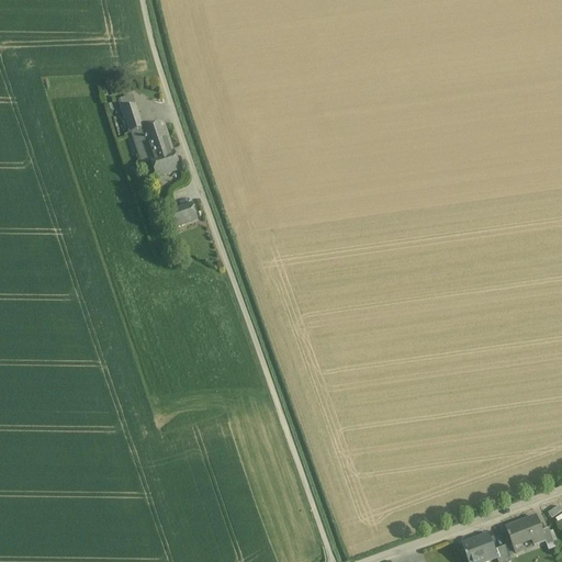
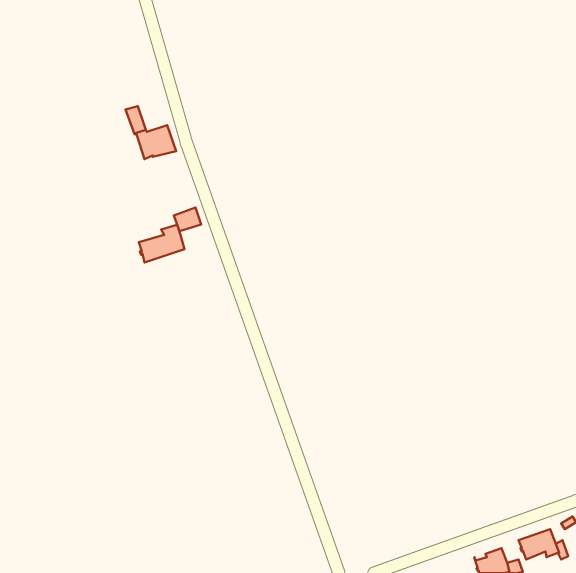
building: [148,147,178,175] -> none
building: none -> [139,224,185,262]

